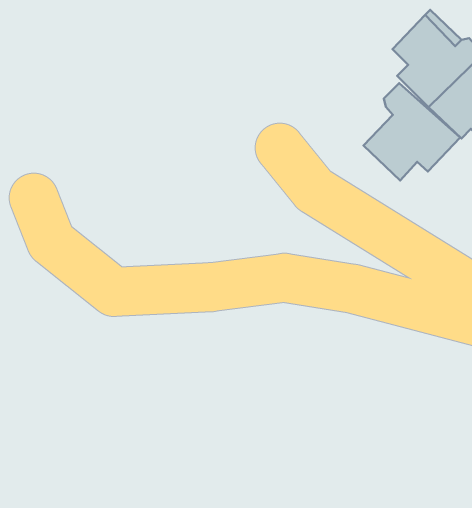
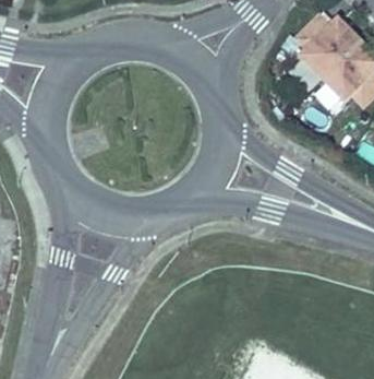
building: [363,83,460,181] -> none

